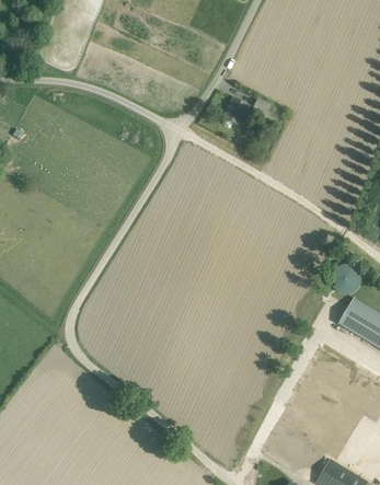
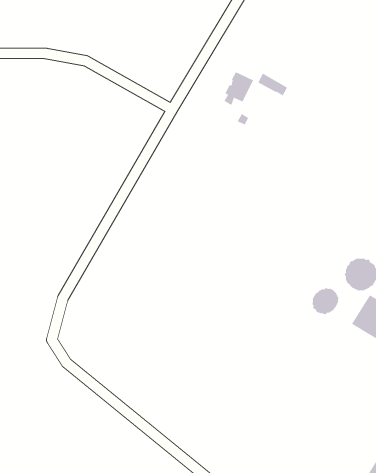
building: none -> [312,287,339,315]

